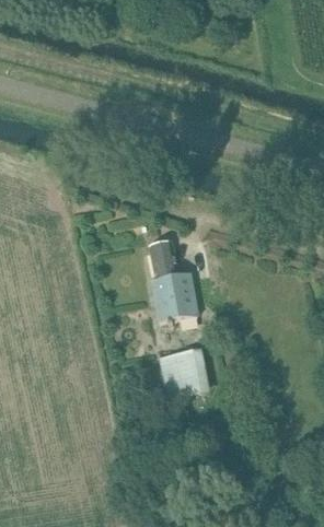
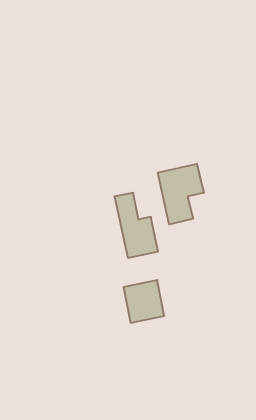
building: none -> [158,164,204,224]

